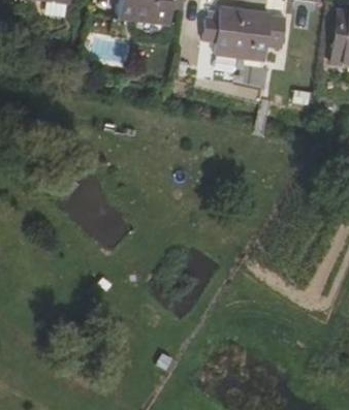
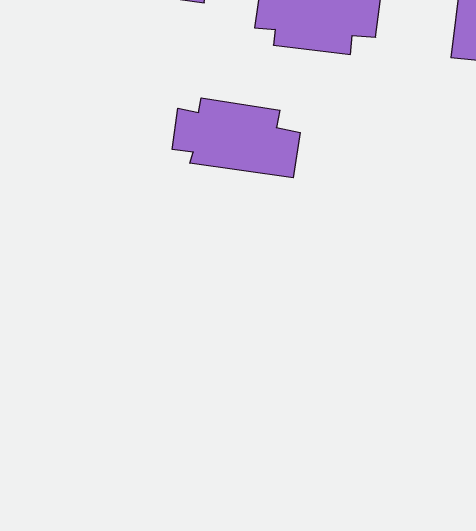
building: none -> [172,98,300,178]

